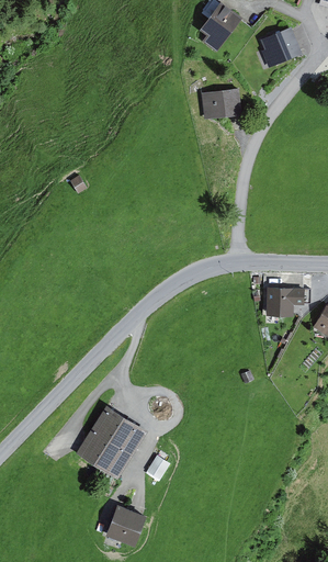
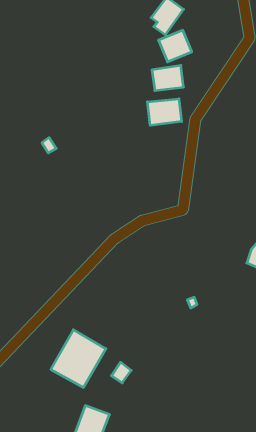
building: [259,27,299,66] -> [158,30,192,62]
building: none -> [147,99,182,125]
building: [268,284,306,313] -> none

